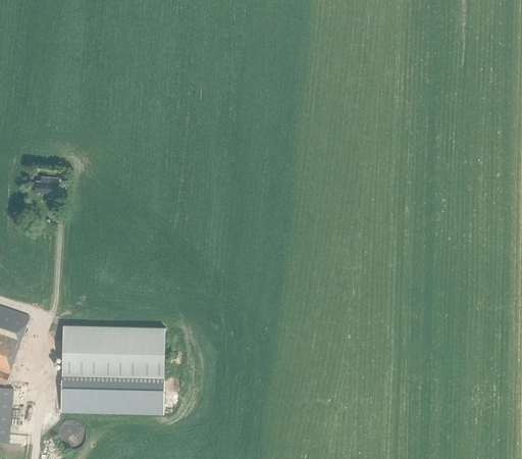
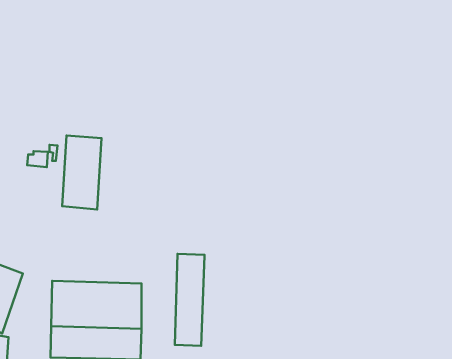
building: none -> [62,136,101,209]
building: none -> [175,254,205,346]

